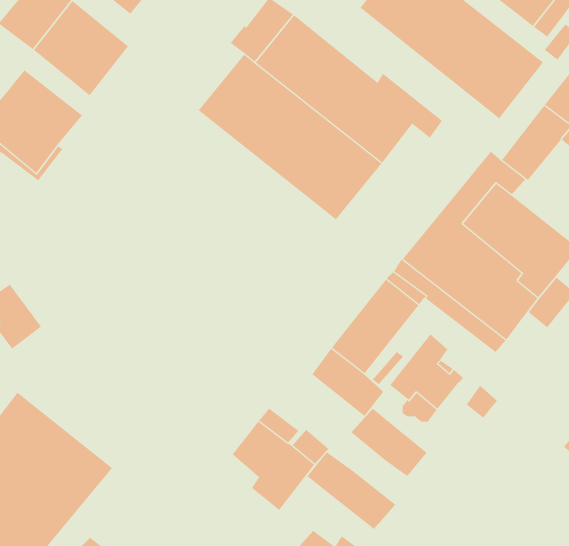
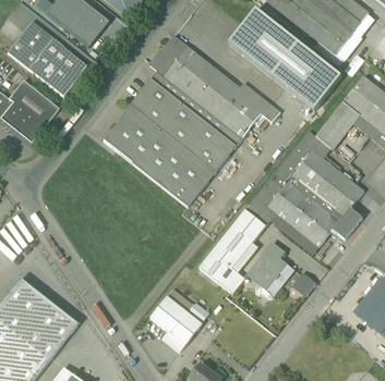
building: none -> [103,105,215,206]
building: [351,408,428,477] -> none
building: [307,452,396,530] -> none

